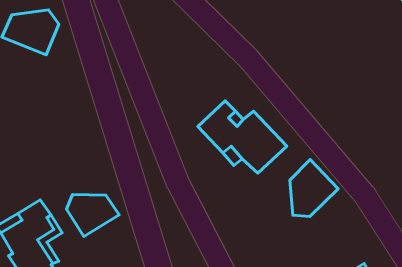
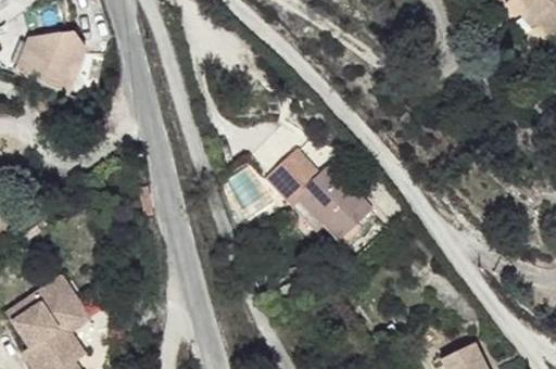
building: [290,159,338,216] -> none
building: [66,194,119,237] -> none

